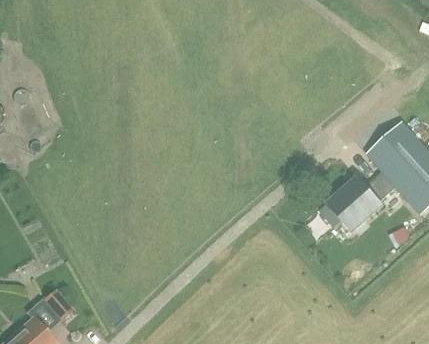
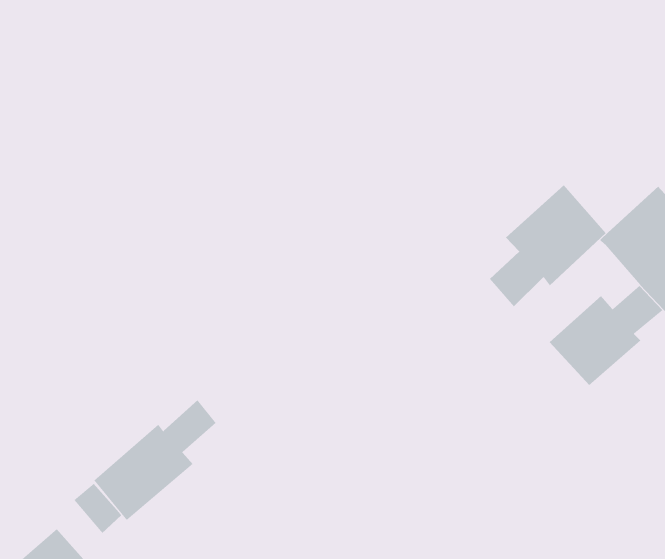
building: none -> [489,185,607,307]
building: none -> [93,400,217,521]

